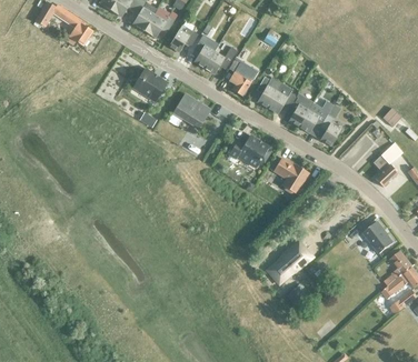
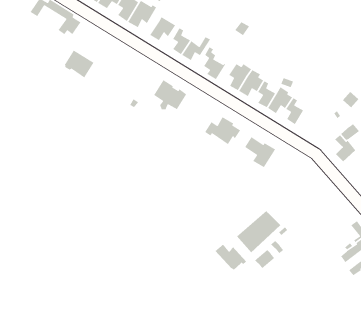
building: [132,69,167,101] -> [64,49,95,78]
building: [362,221,394,253] -> none
building: none -> [215,244,247,271]

